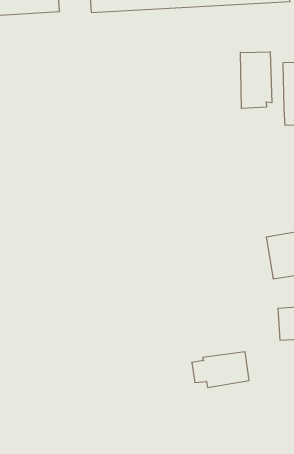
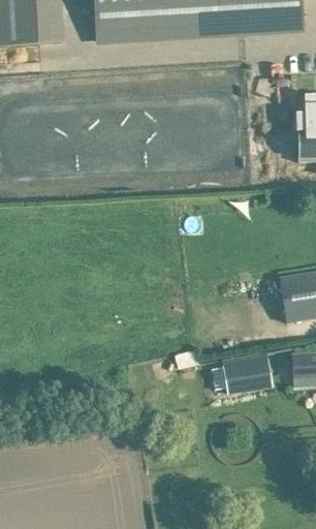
building: [241,52,272,109] -> none
building: [192,352,249,387] -> [211,356,271,394]

